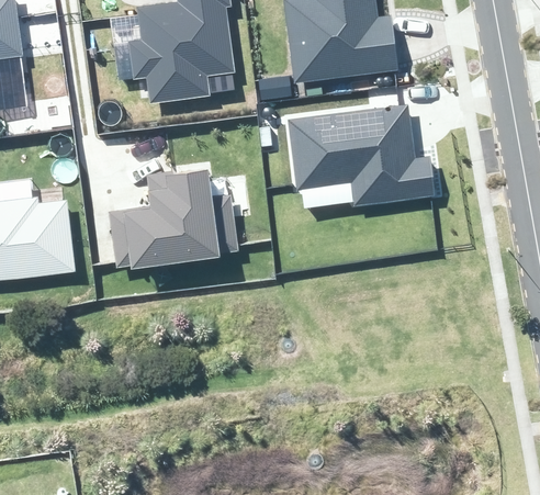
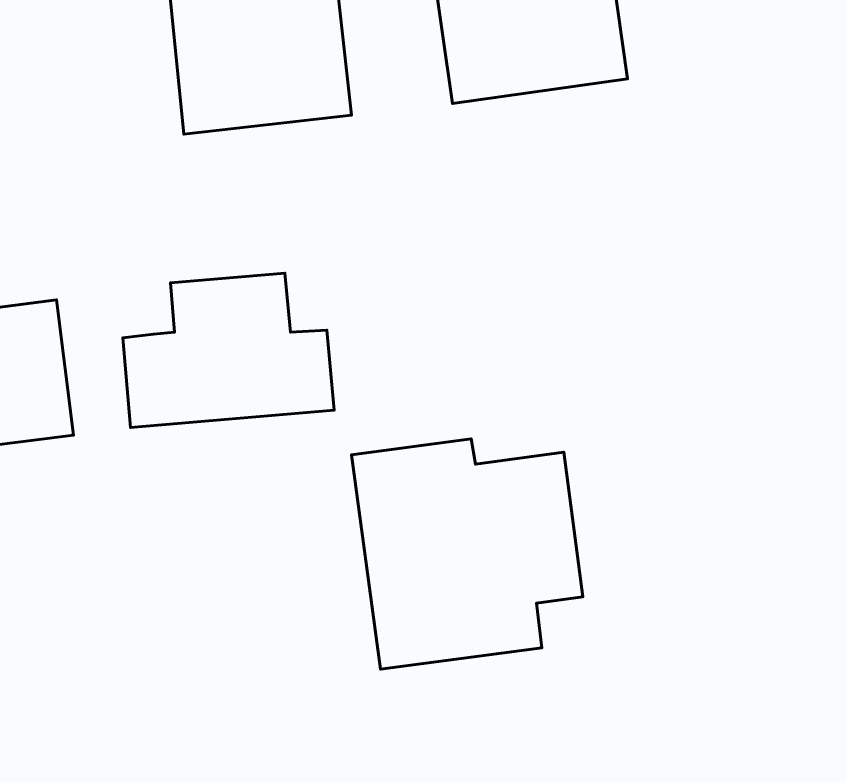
building: [286,104,435,209] -> none
building: none -> [352,439,583,669]

